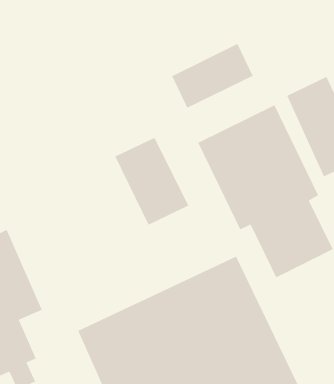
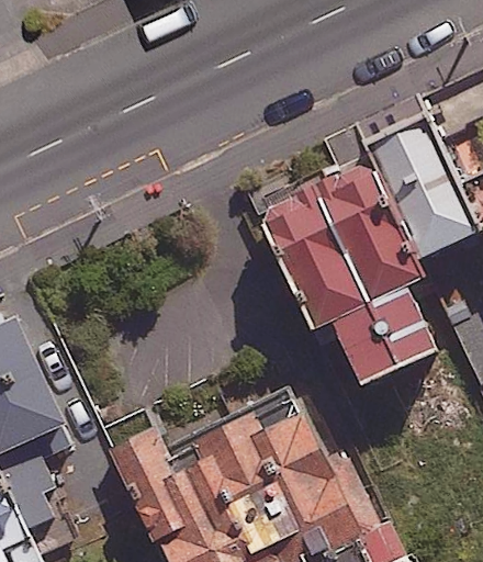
building: [171,43,254,109] -> none
building: [114,137,189,226] -> none

